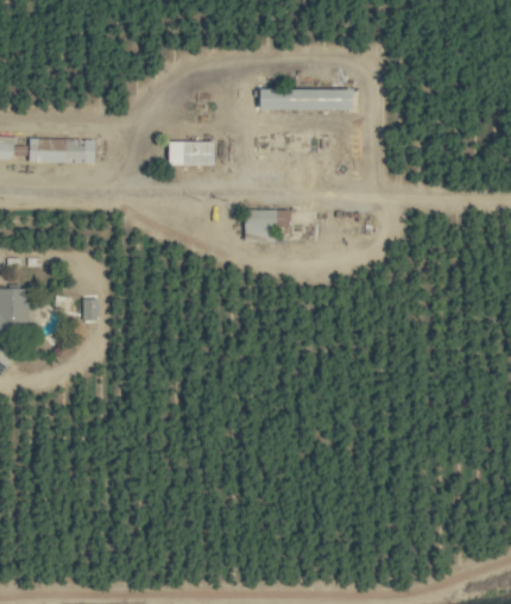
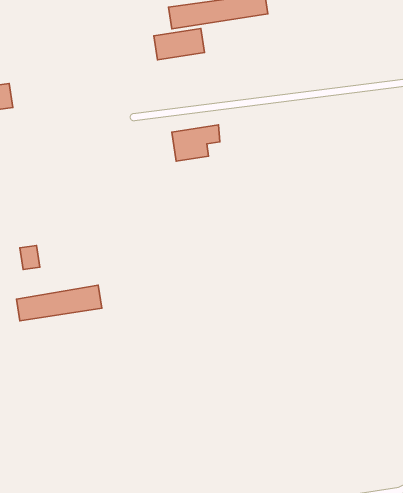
building: [169,140,215,164] -> [154,28,204,60]
building: none -> [17,285,102,321]

